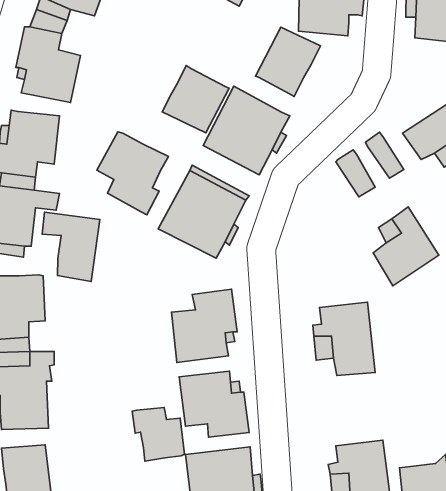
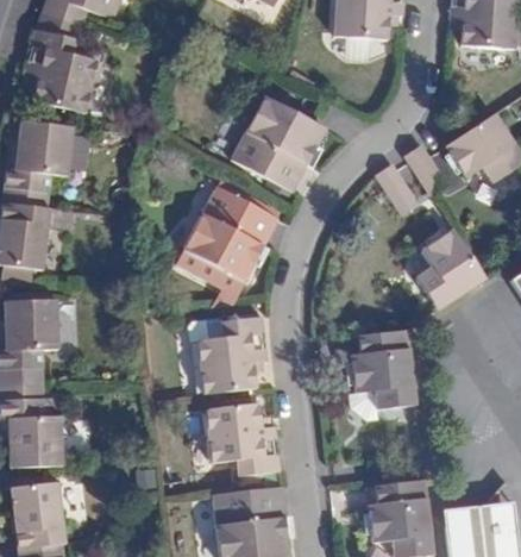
building: [255,27,320,97] -> none
building: [162,66,229,133] -> none
building: [97,132,168,215] -> none
building: [42,212,100,282] -> none
building: [132,407,185,461] -> none

